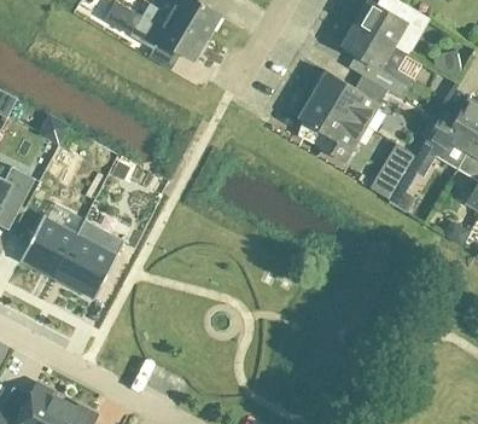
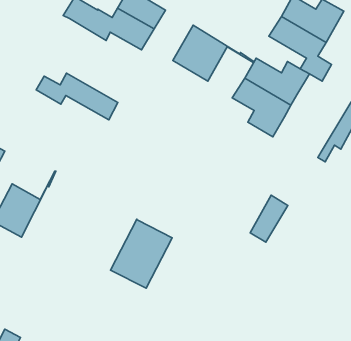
building: none -> [173,25,254,81]
building: none -> [36,73,118,120]
building: [369,145,413,199] -> [250,195,288,242]
building: [54,219,126,298] -> [111,219,172,288]

